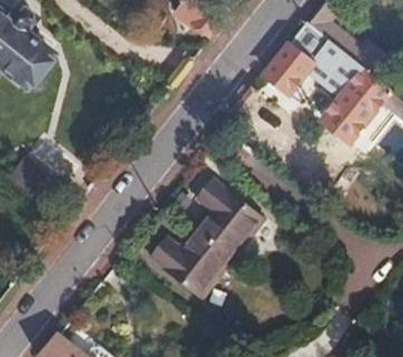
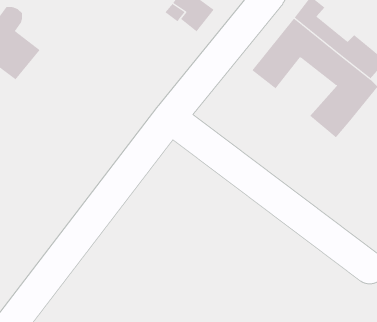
building: [149,178,263,299] -> none

